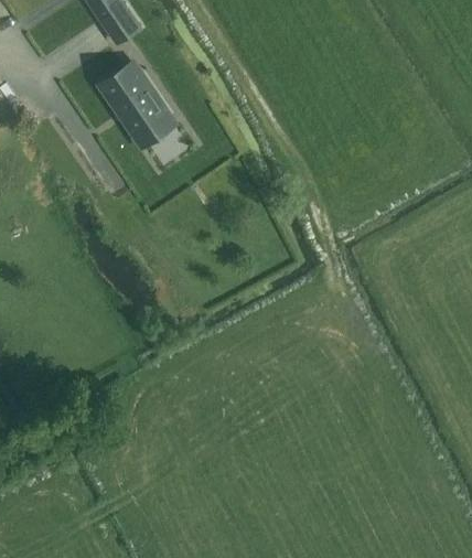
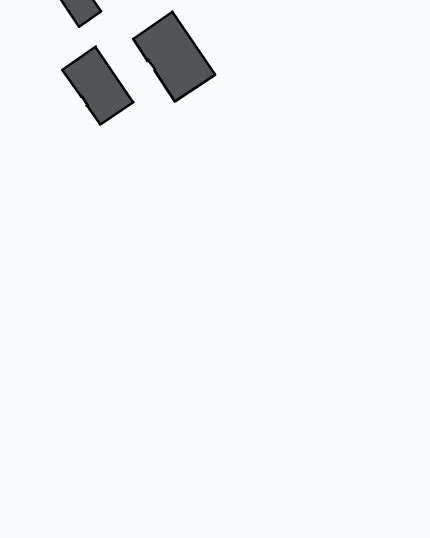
building: none -> [133,12,215,101]

